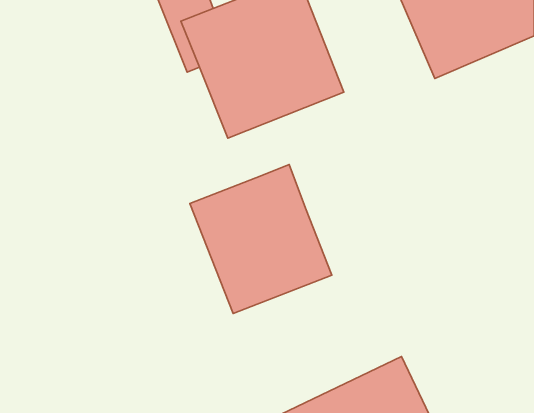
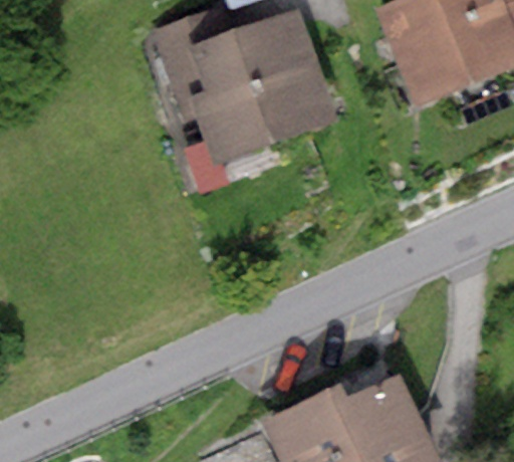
building: [190,165,332,314] -> none

